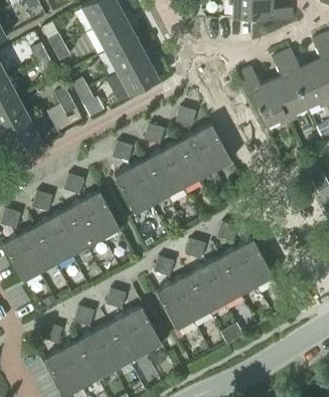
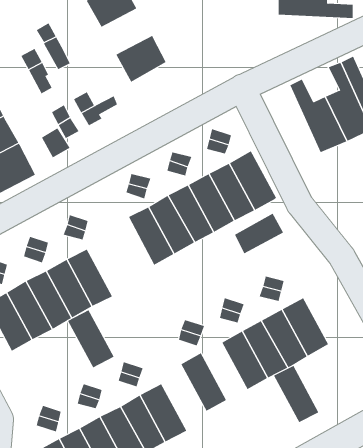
building: [94,13,134,49] -> none
building: [117,55,159,96] -> none
building: none -> [234,213,284,254]
building: [83,193,120,239] -> [67,309,114,368]
building: [172,275,208,321] -> [273,365,319,423]

